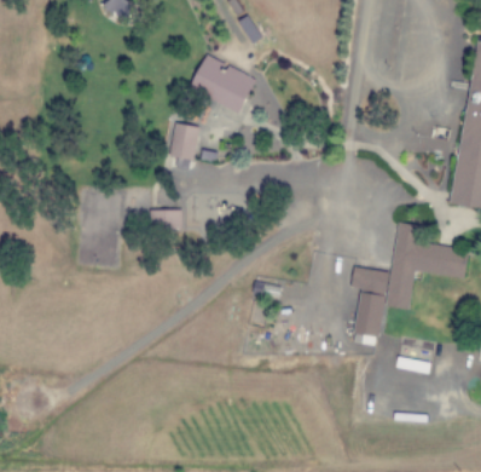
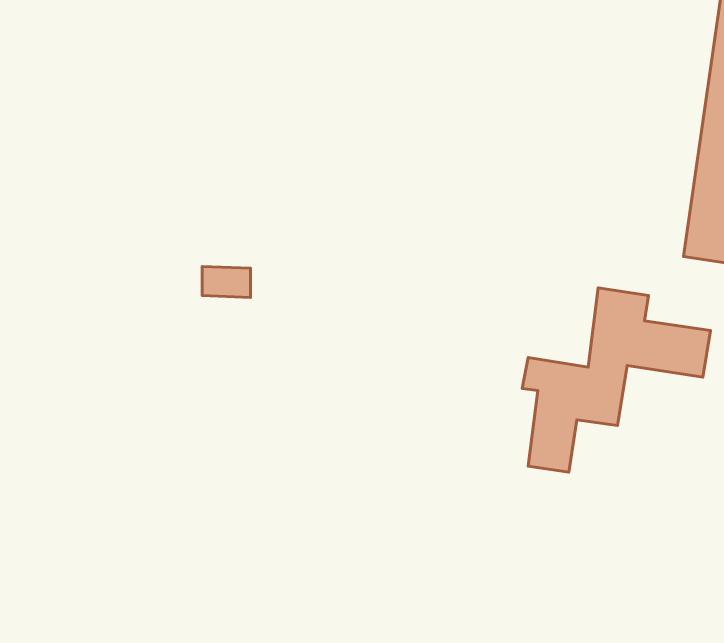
building: [191,54,256,113] -> none
building: [170,125,201,162] -> none

